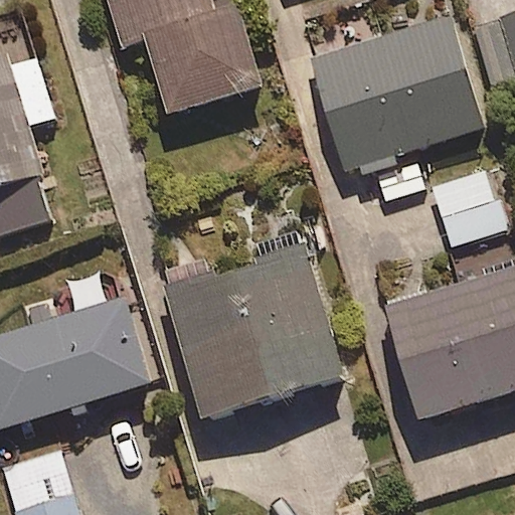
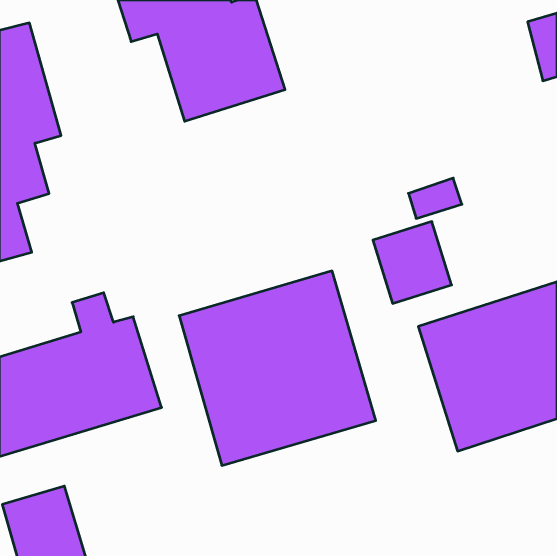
building: [301,17,488,177] -> none
building: [432,168,504,243] -> [373,222,452,303]

